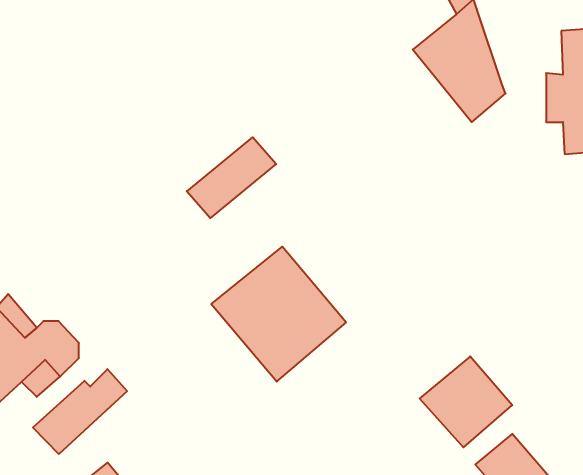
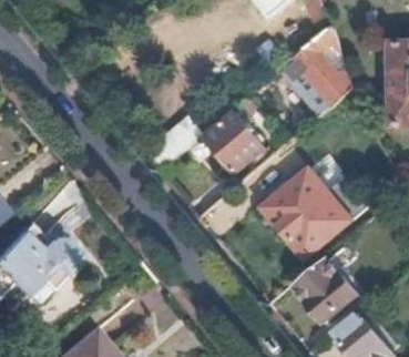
building: none -> [206,116,263,173]
building: [211,247,346,382] -> [264,171,352,259]
building: [33,369,127,454] -> none

